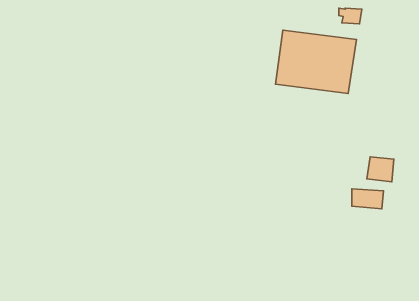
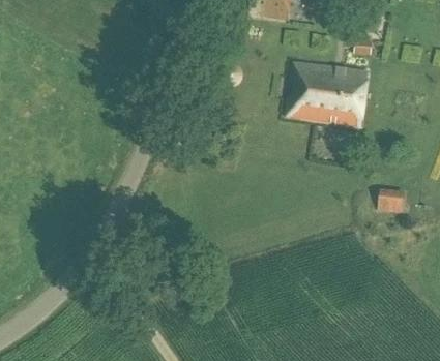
building: [352,189,383,209] -> none

